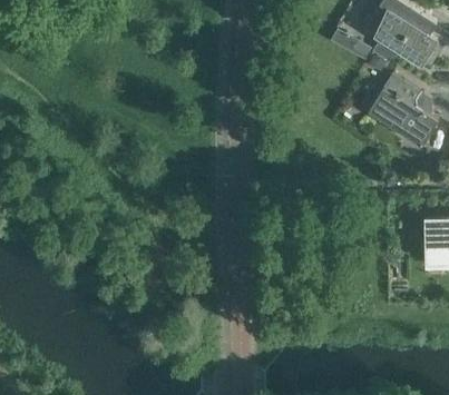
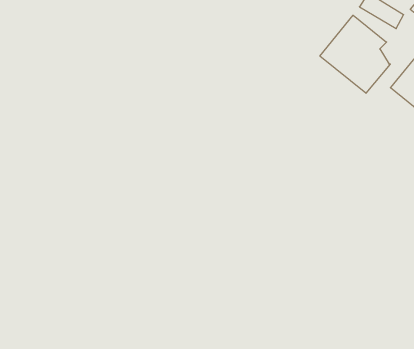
building: none -> [320,15,390,93]

